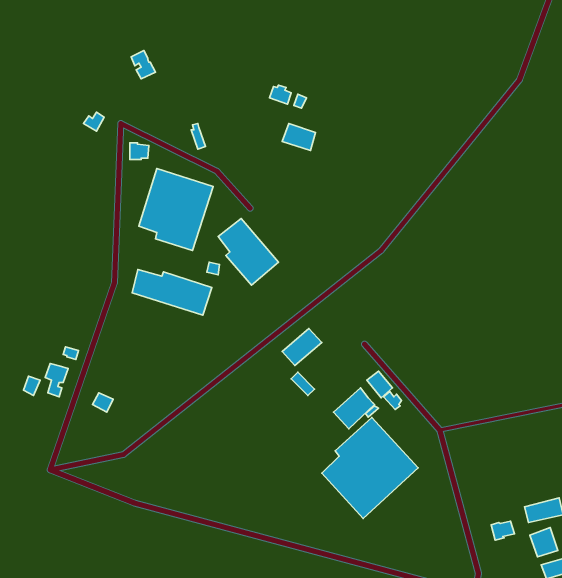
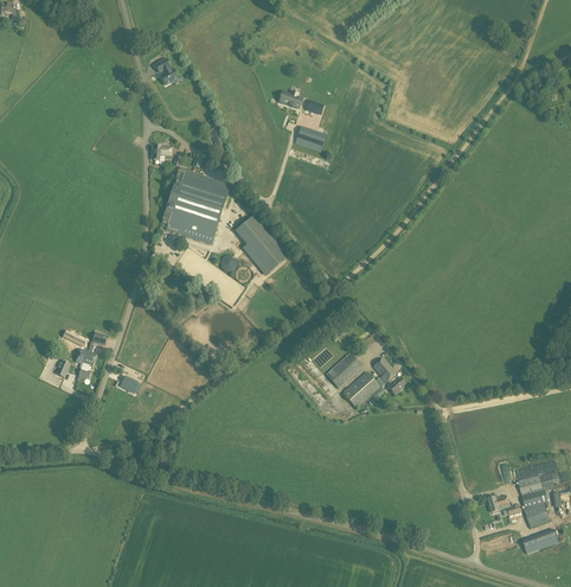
building: [132,269,212,315] -> none
building: [282,328,322,366] -> [325,352,361,387]
building: [322,418,418,518] -> none

